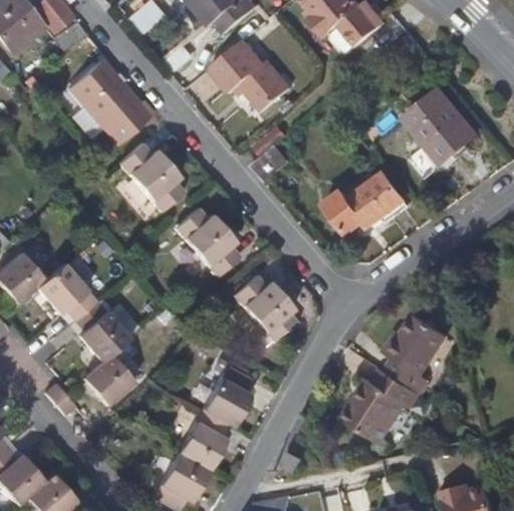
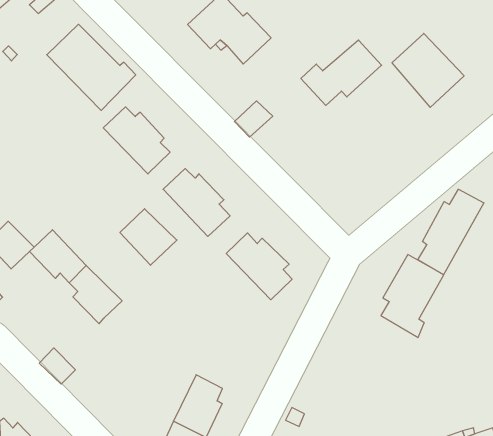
building: [327,171,408,233] -> [301,40,382,105]
building: none -> [418,189,484,275]
building: none -> [120,209,177,265]
building: [83,352,135,404] -> none
building: [341,363,419,439] -> none
building: [198,370,247,432] -> none

